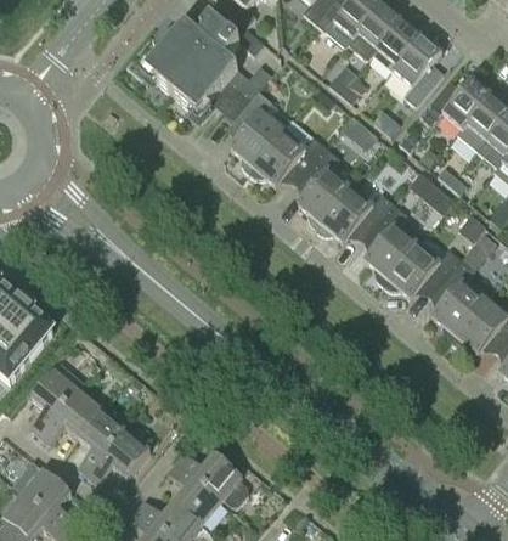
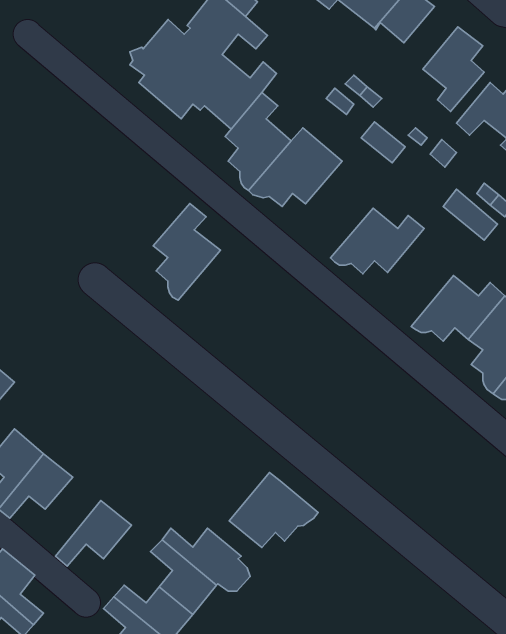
building: [373,18,422,71] -> none
building: [295,147,351,227] -> [153,204,221,300]
building: [363,203,418,284] -> none
building: none -> [229,473,318,548]
building: [78,410,125,475] -> none

